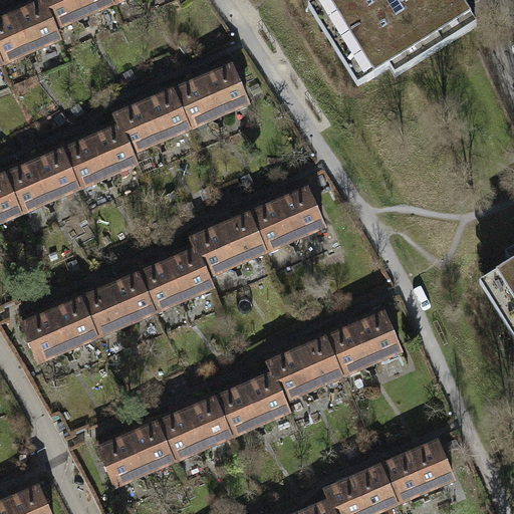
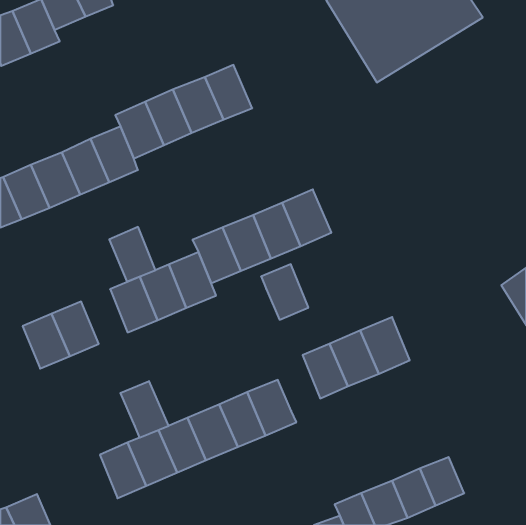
building: [79,282,124,335] -> [109,227,156,282]
building: [266,346,312,401] -> [261,264,308,320]
building: none -> [120,381,168,438]

